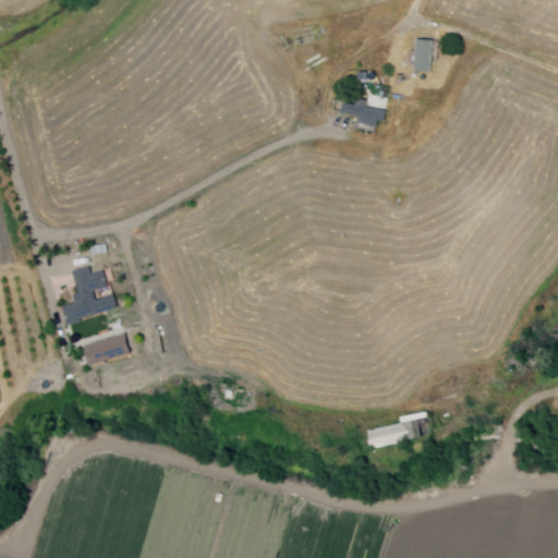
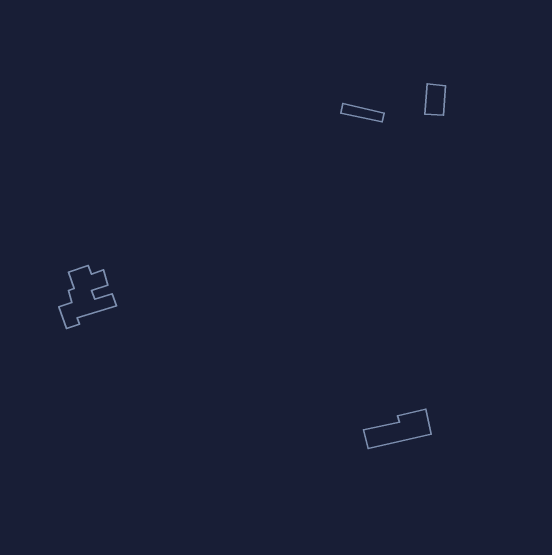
building: [412,39,433,71] -> [425,84,446,115]
building: [82,333,131,366] -> none

